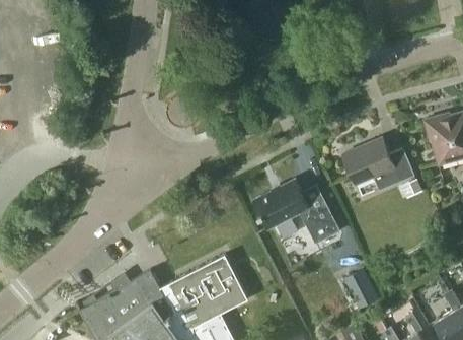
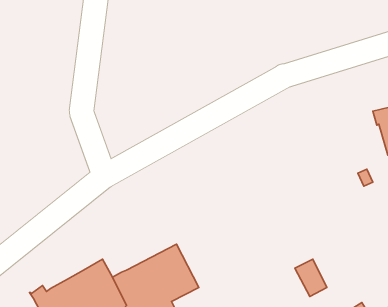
building: [342,139,414,192] -> none
building: [253,180,340,244] -> none

